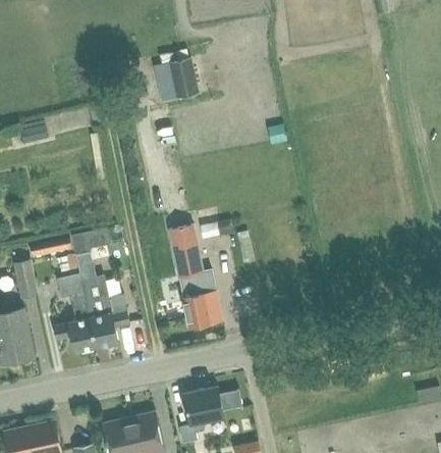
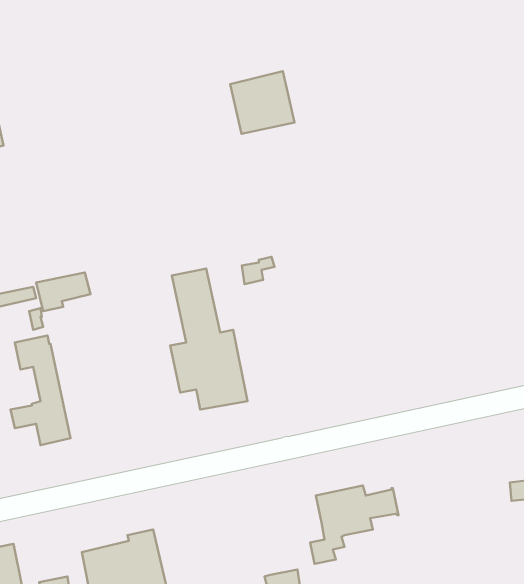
building: [153,57,199,102] -> [230,71,294,134]
building: [81,275,129,347] -> none
building: [179,387,242,443] -> [310,485,399,564]

